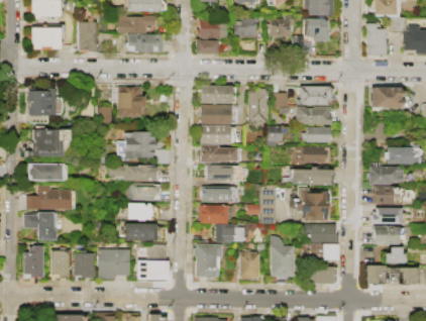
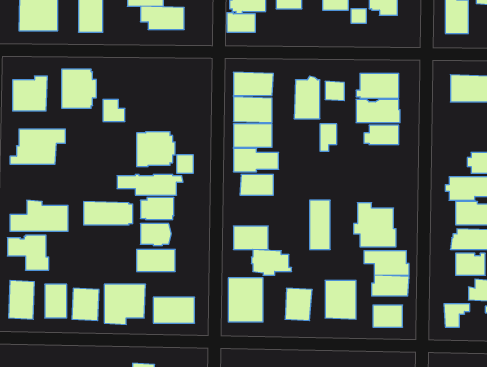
building: [118,86,145,116] -> [62,69,96,108]
building: [298,146,329,163] -> none
building: [28,163,67,181] -> [84,202,133,225]
building: [292,167,329,185] -> none
building: [202,186,239,202] -> none

